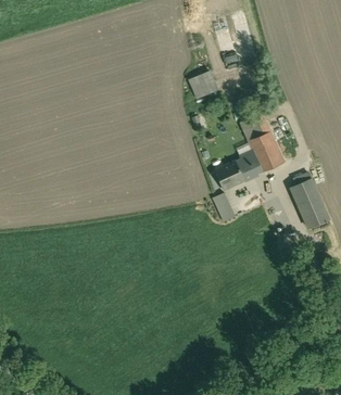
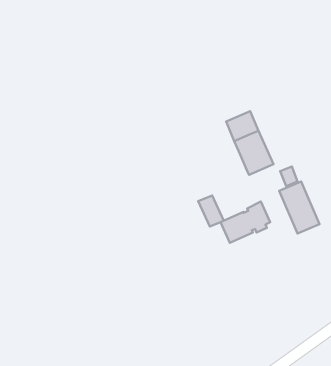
building: [191,72,222,99] -> none
building: [214,152,261,191] -> [221,201,270,243]

